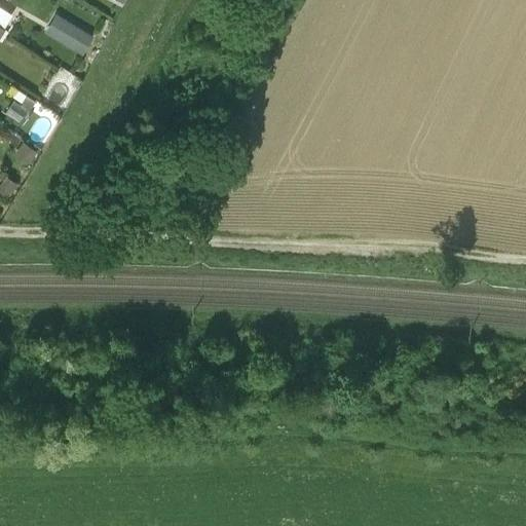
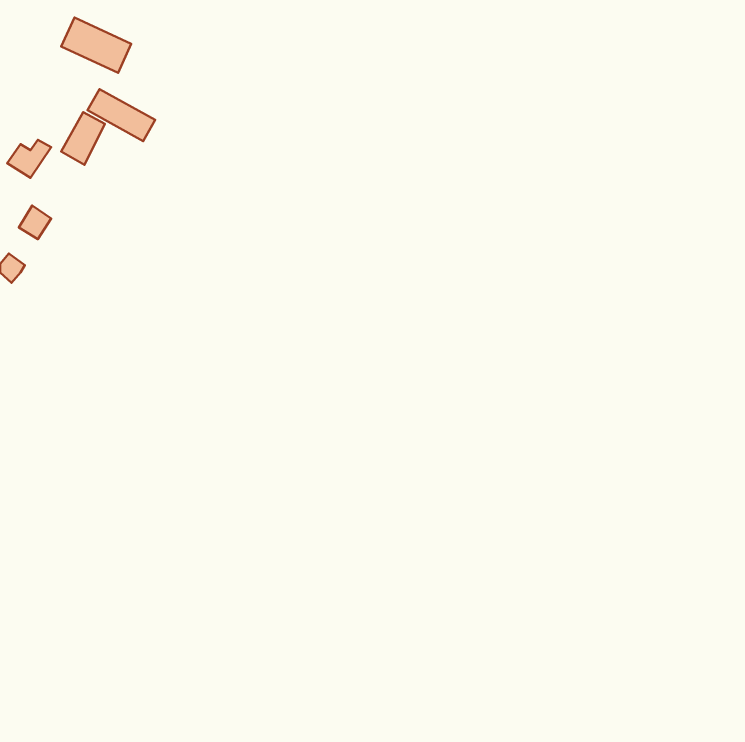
building: none -> [87,89,155,141]

